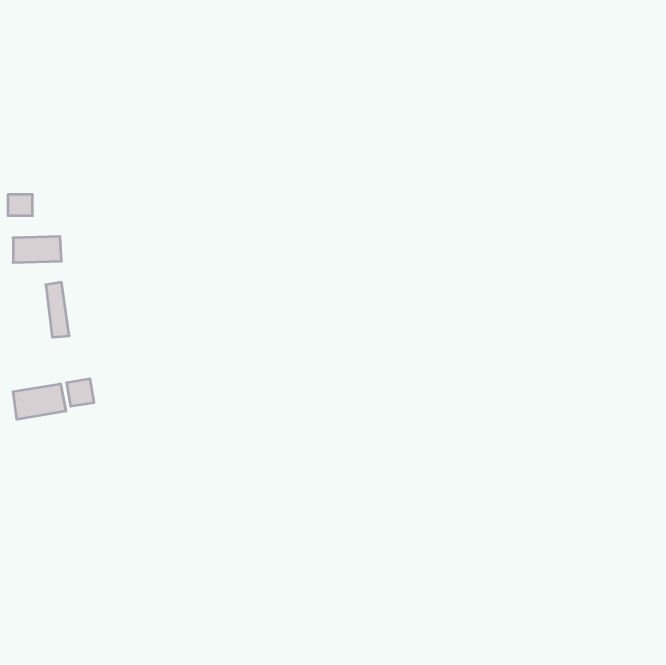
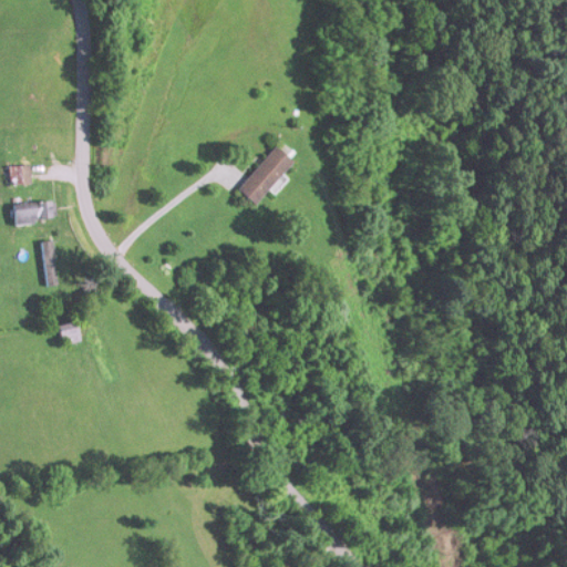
building: none -> [239,146,293,204]
building: [13,384,66,419] -> none

